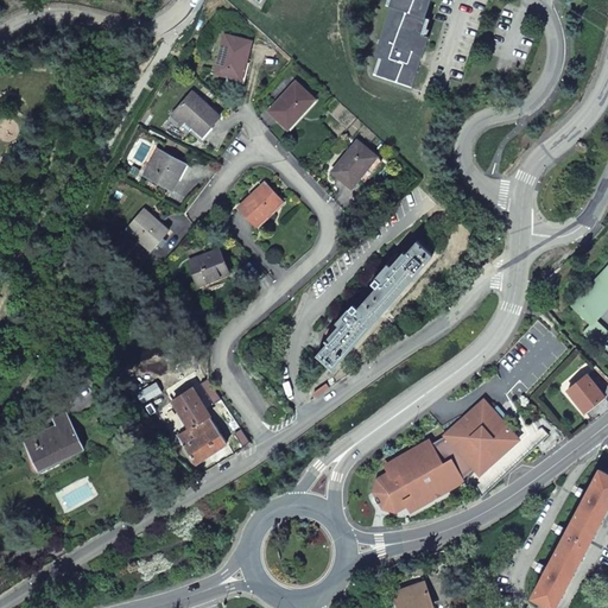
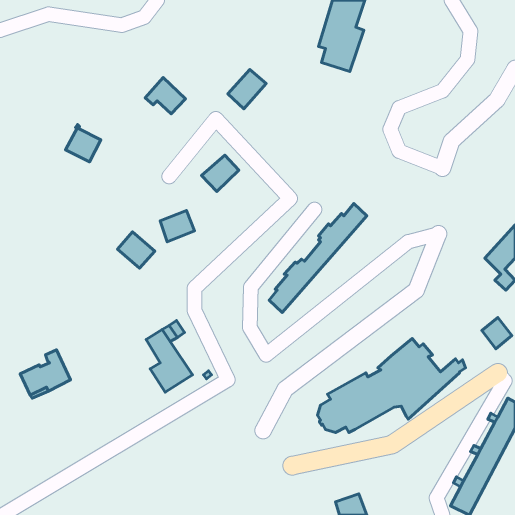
building: [216,34,251,78] -> none
building: [331,140,381,186] -> none
building: [144,145,185,189] -> [65,125,101,162]
building: [125,208,169,251] -> [117,232,155,268]

